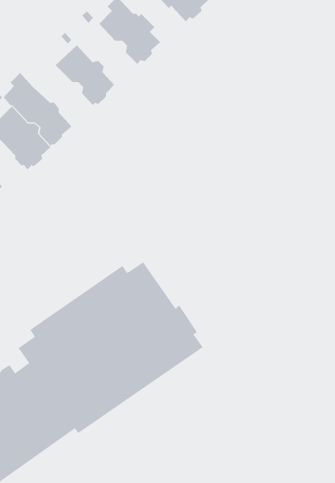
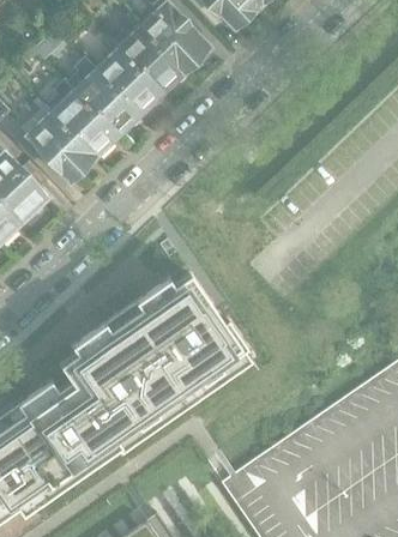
building: none -> [121,30,183,93]
building: none -> [74,60,138,137]

